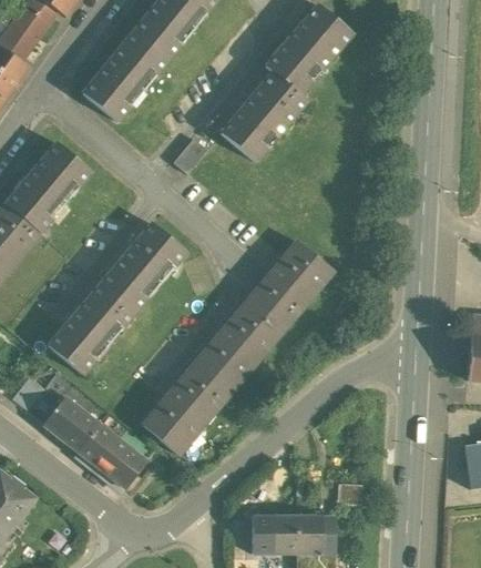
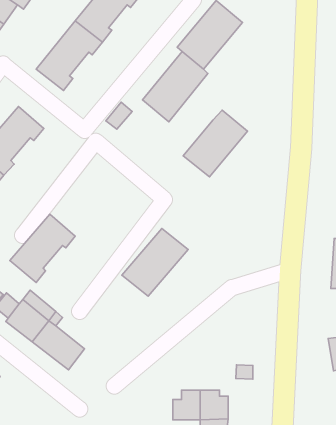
building: [100,223,185,313] -> none
building: [246,243,330,331] -> [183,110,248,177]
building: [143,364,228,454] -> none

